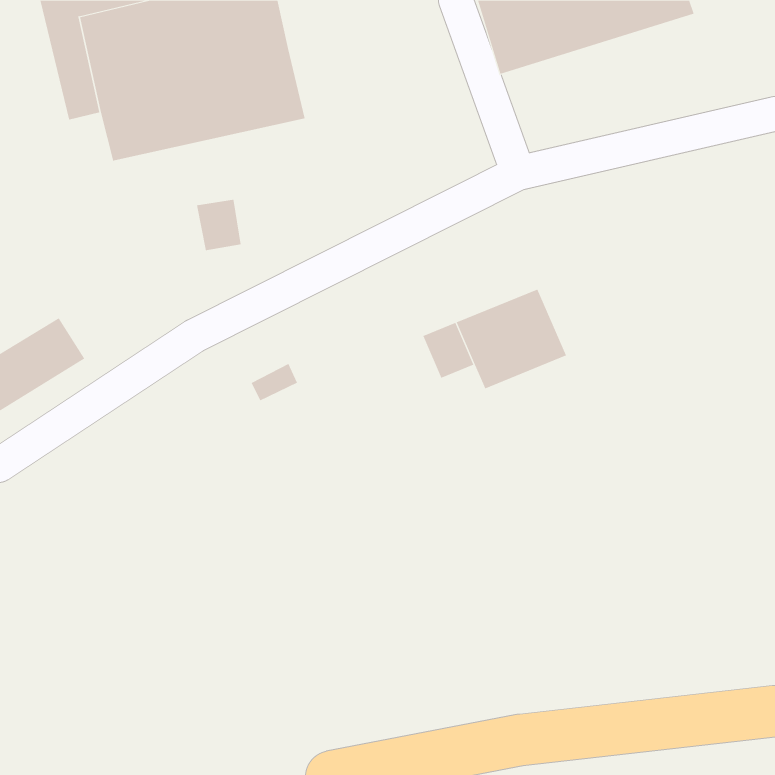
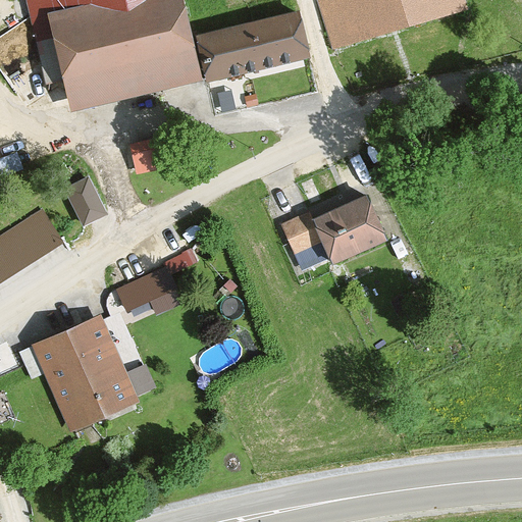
building: none -> [194,10,308,81]
building: none -> [67,171,110,221]
building: none -> [118,262,185,319]
building: none -> [19,321,133,428]

